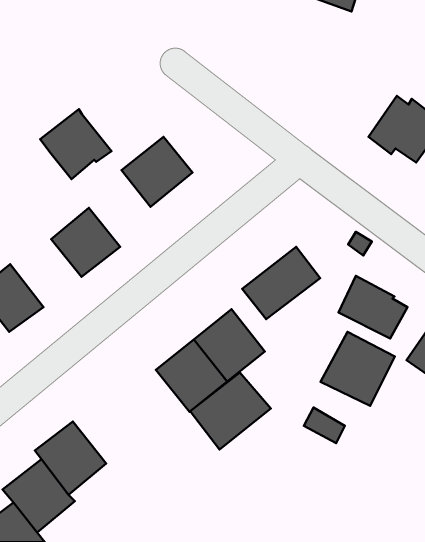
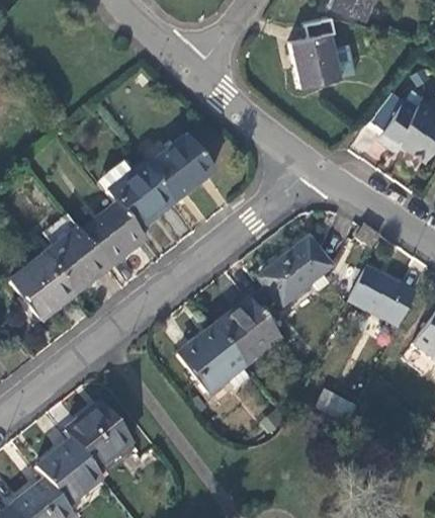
building: none -> [290,16,339,83]
building: [40,109,111,179] -> [108,161,175,227]
building: none -> [44,226,110,294]
building: [320,332,395,406] -> none
building: [190,372,271,449] -> none

